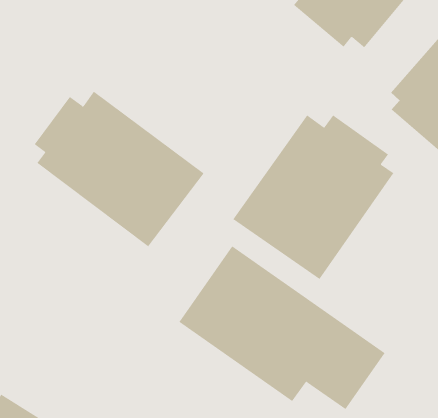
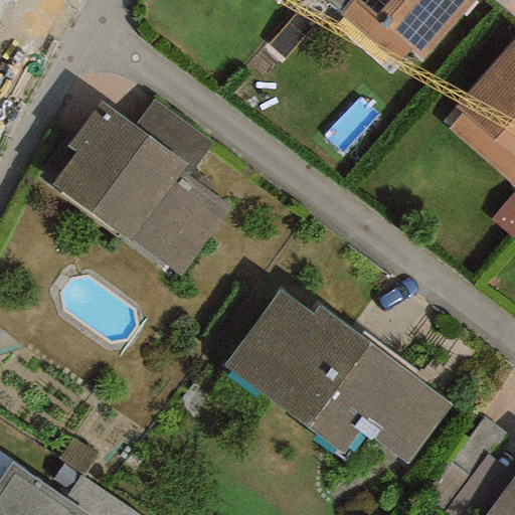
building: [232,114,394,280] -> none

